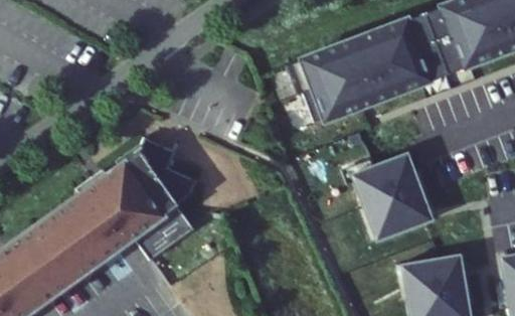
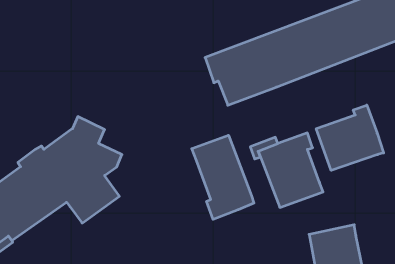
building: none -> [316,105,384,170]
building: none -> [192,135,254,219]

